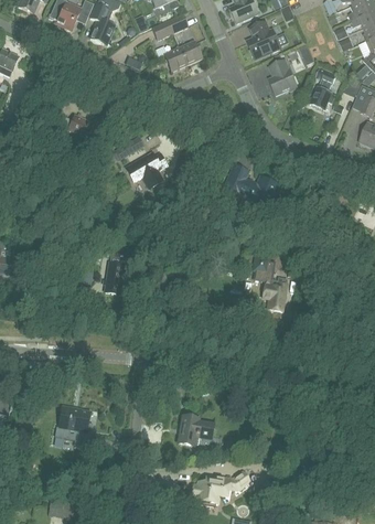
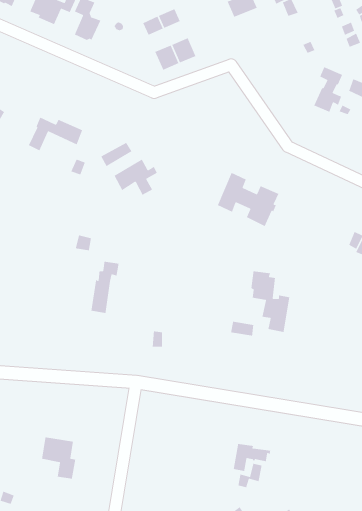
building: [247,22,280,57] -> none
building: [269,60,297,94] -> none
building: [179,417,214,443] -> [233,443,271,472]

